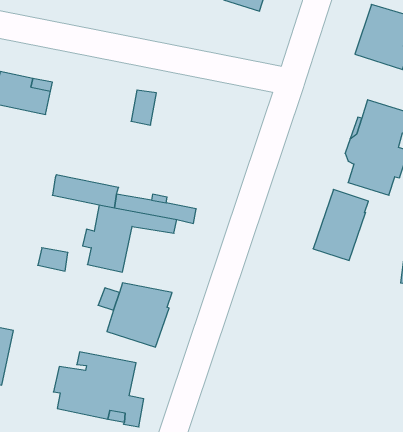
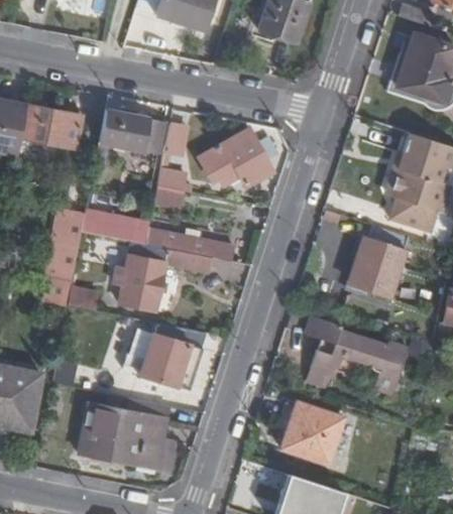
building: none -> [94,110,163,164]
building: none -> [197,131,276,185]
building: none -> [152,169,192,208]
building: none -> [46,209,84,279]
building: none -> [304,314,407,394]
building: none -> [281,399,342,462]

